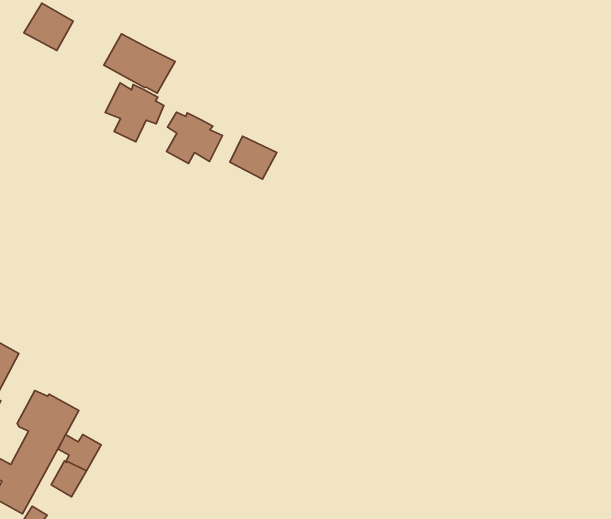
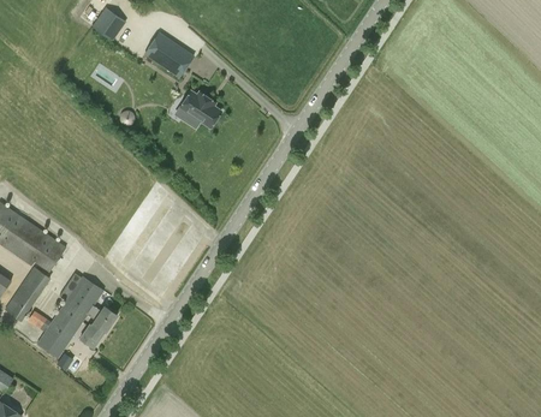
building: [105,83,164,142] -> none
building: [230,136,277,179] -> none

